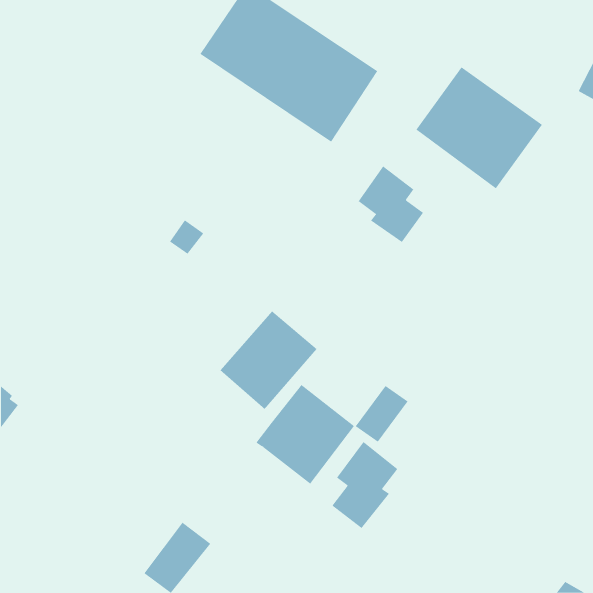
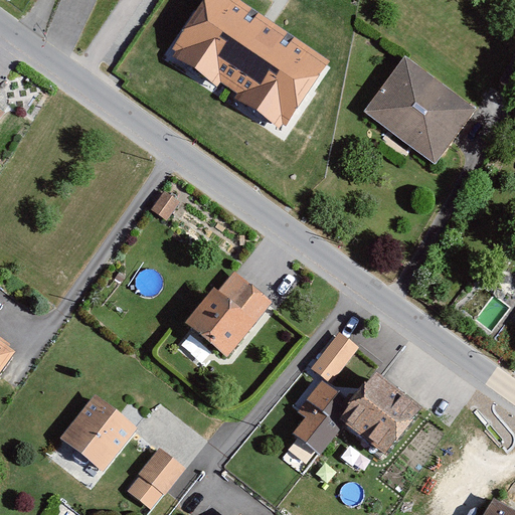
building: [358,166,424,243] -> none
building: [256,384,355,484] -> [333,371,418,458]
building: none -> [55,399,136,480]

